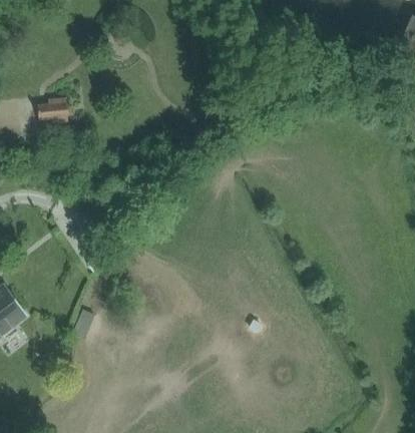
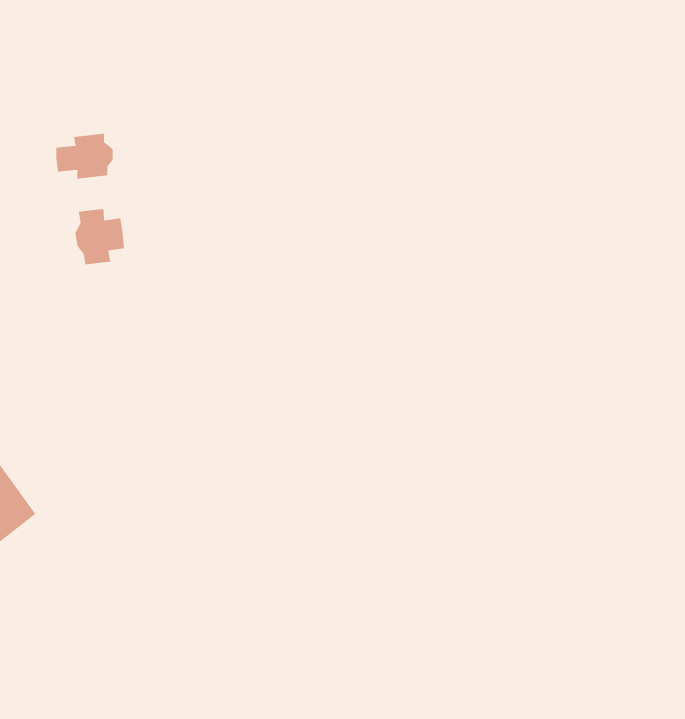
building: none -> [75,208,125,265]

